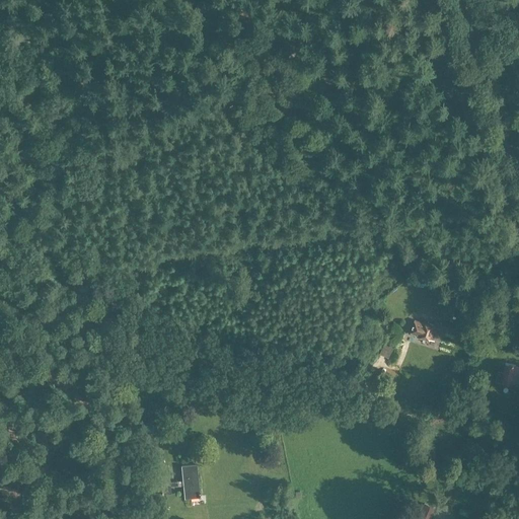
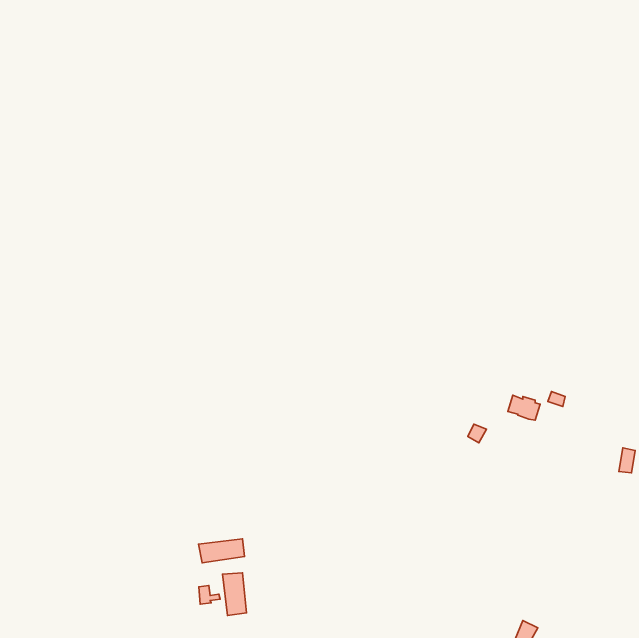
building: none -> [199,539,244,563]

